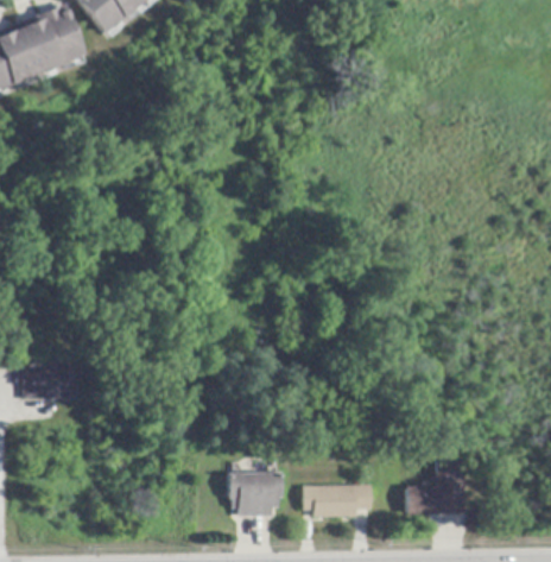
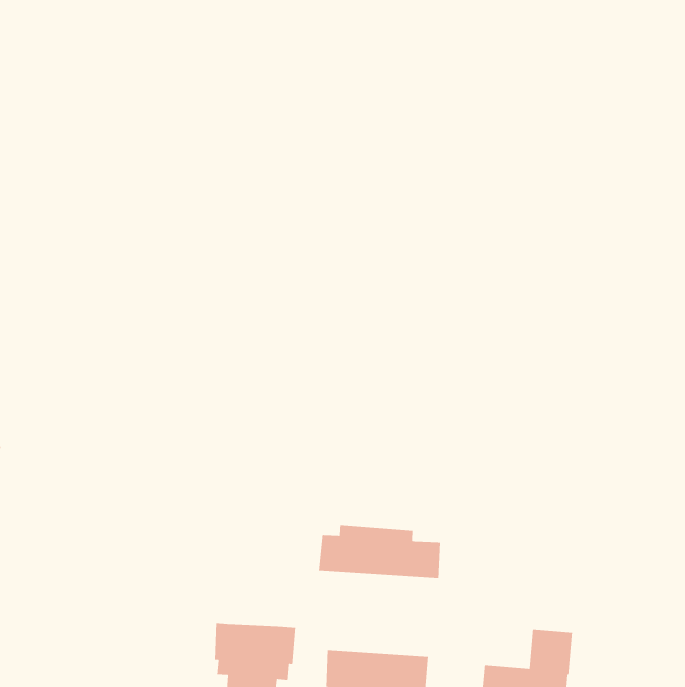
building: none -> [318,525,441,579]

